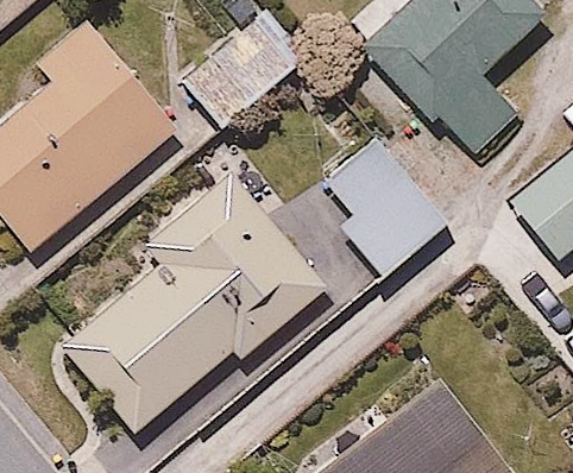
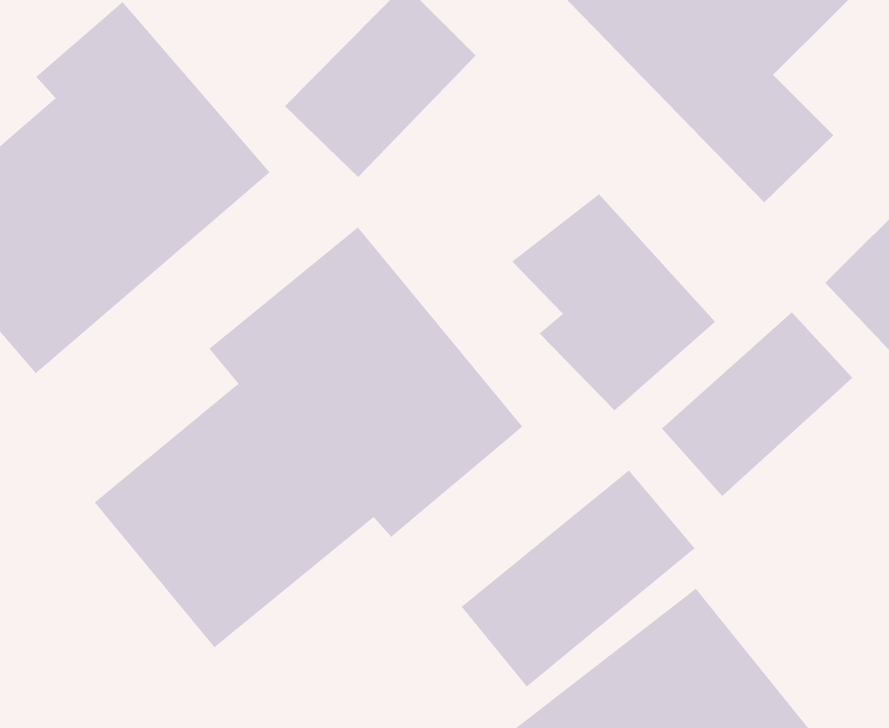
building: none -> [661,311,853,497]
building: none -> [461,470,695,687]

